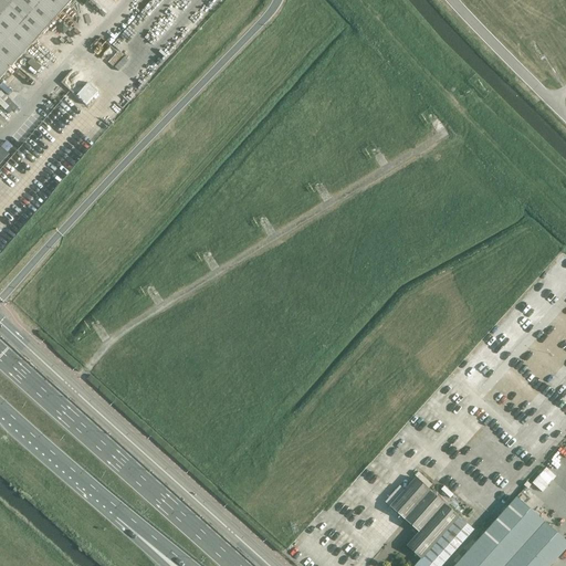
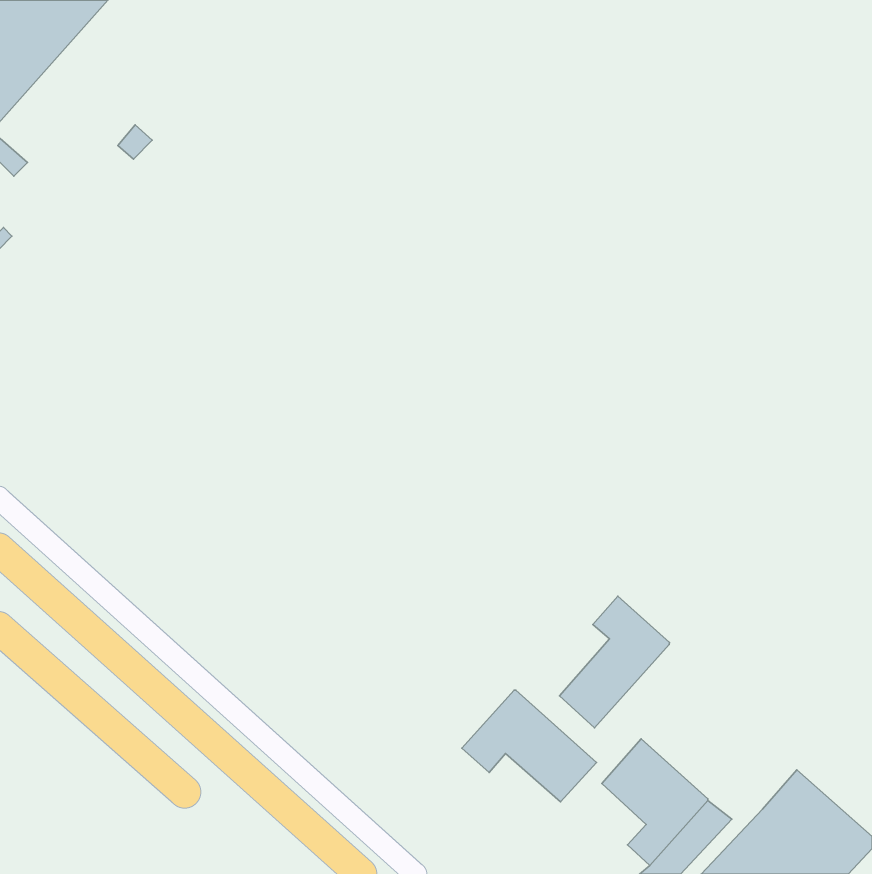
building: none -> [559,596,669,728]
building: none -> [462,690,597,802]

